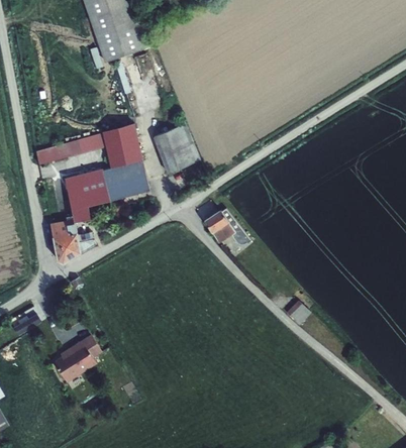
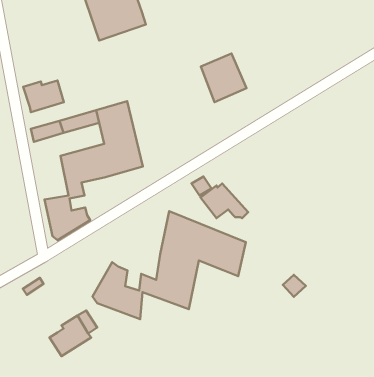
building: none -> [23,81,64,112]
building: [151,124,198,174] -> [201,54,246,102]
building: none -> [92,211,246,319]

